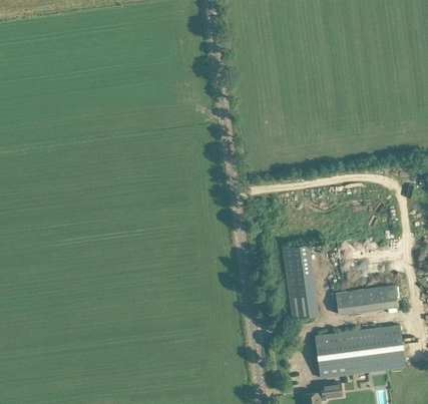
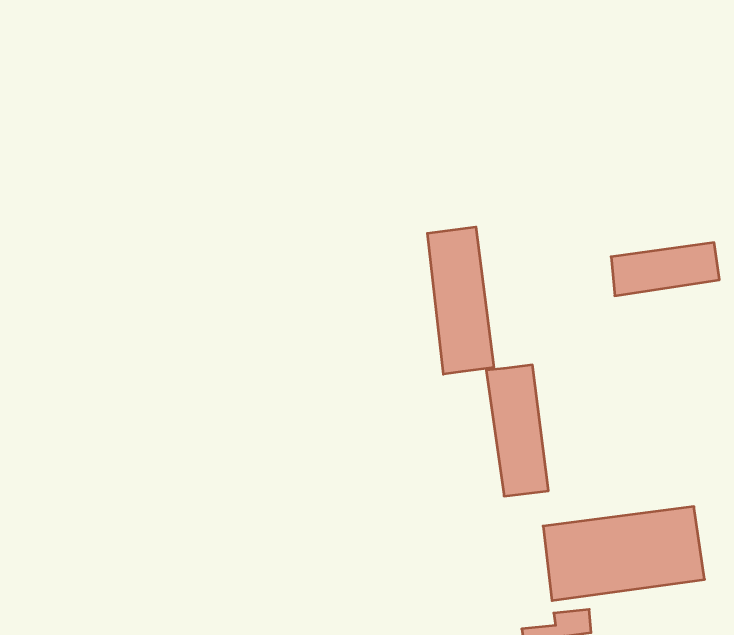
building: none -> [427,227,494,374]
building: [336,285,397,315] -> [611,243,719,296]

